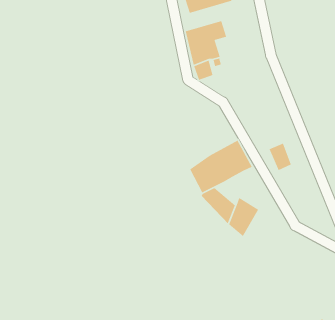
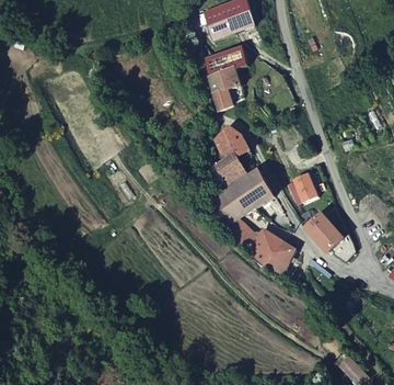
building: none -> [215,127,250,183]
building: none -> [305,213,344,251]
building: none -> [265,240,294,275]

